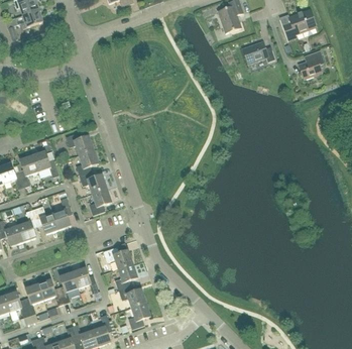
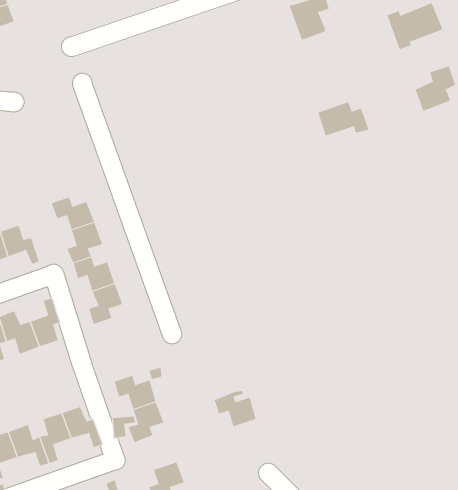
building: [243,41,276,64] -> [317,102,369,136]
building: [119,284,146,308] -> [214,391,256,427]

